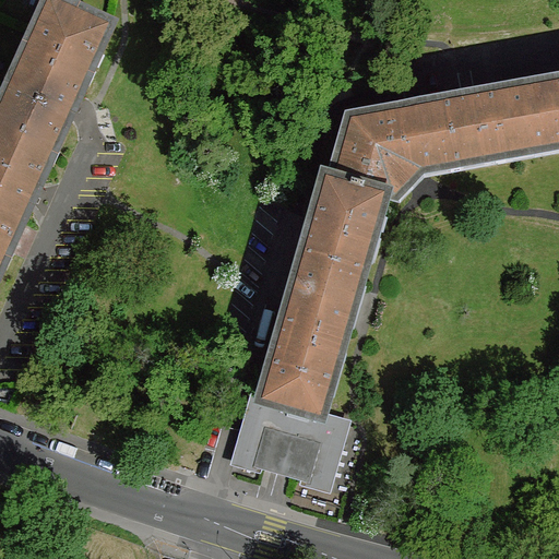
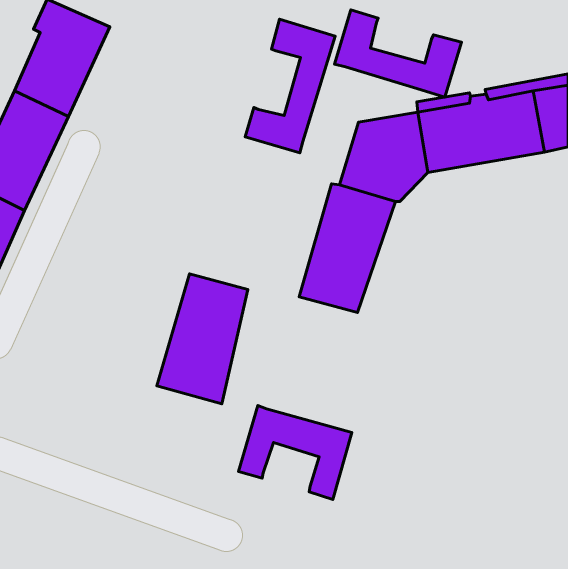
building: none -> [335,10,462,97]
building: none -> [245,19,335,153]
building: [260,289,348,416] -> [157,274,248,404]
building: [257,431,311,474] -> none

